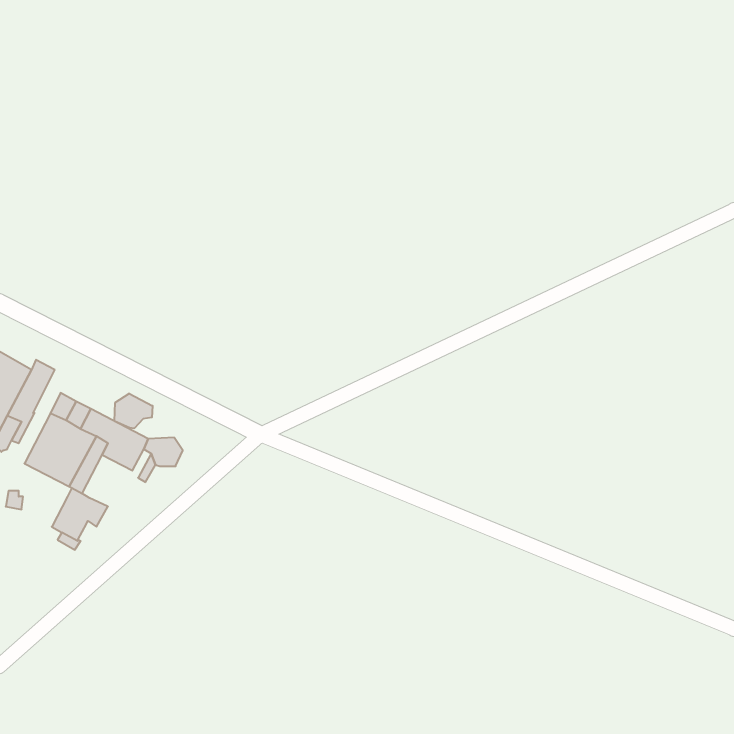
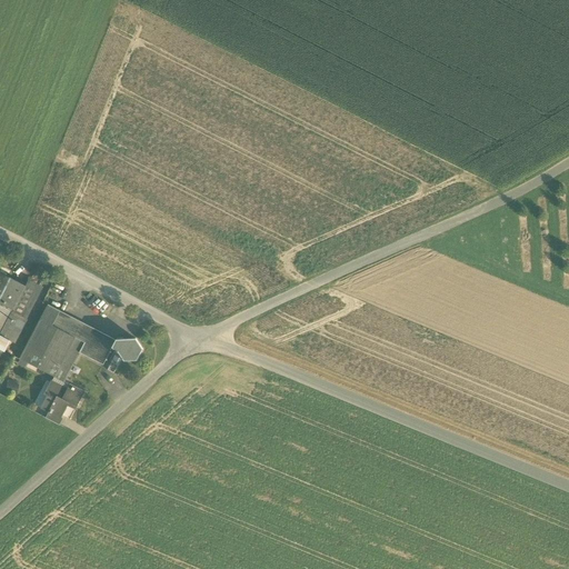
building: [115,393,153,428] -> none

